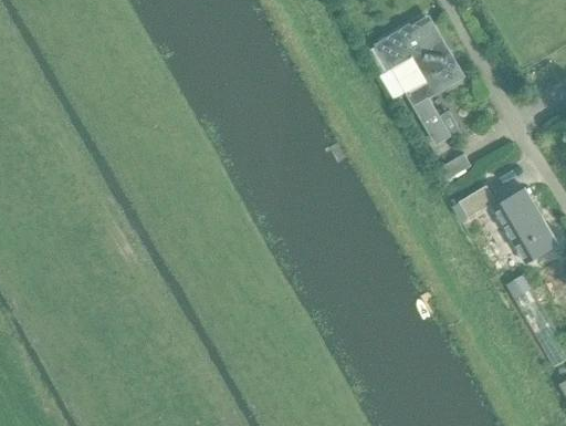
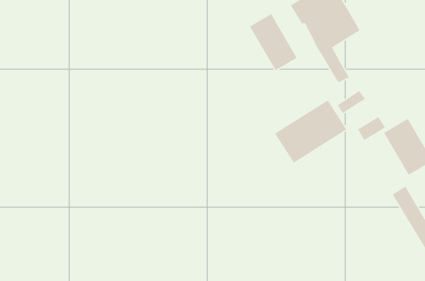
building: none -> [249,13,298,71]
building: none -> [274,99,347,164]

